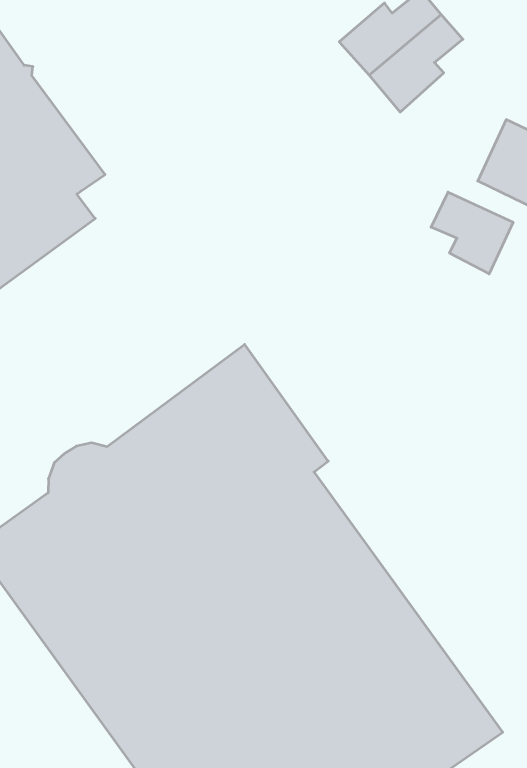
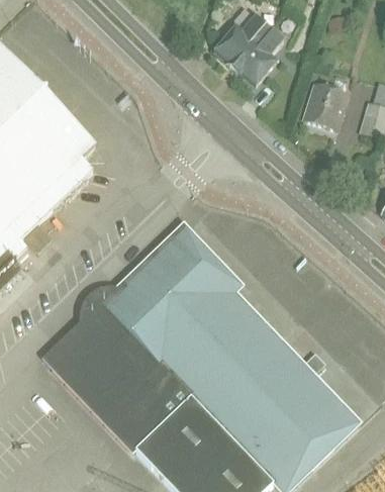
building: [431,192,513,274] -> none

